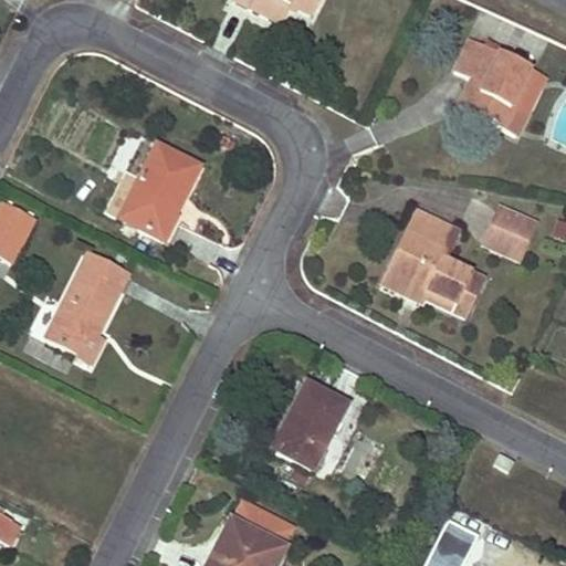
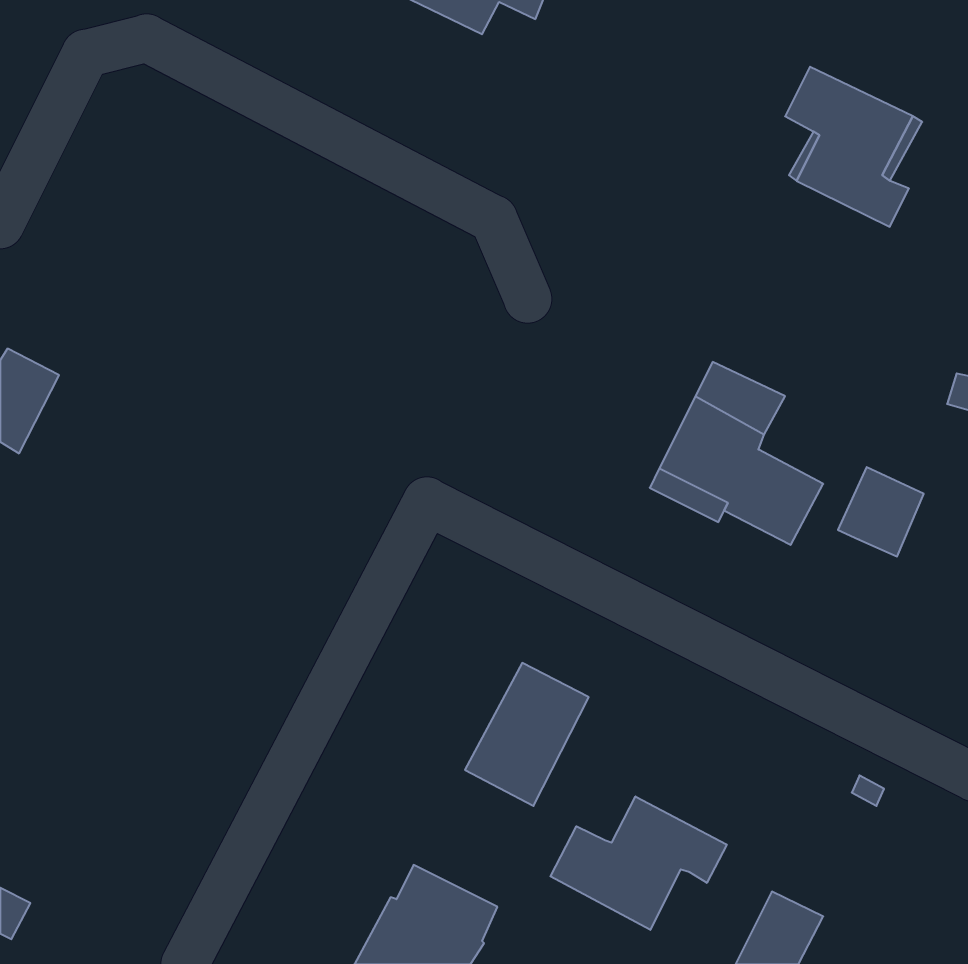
building: [120,145,199,240] -> none
building: [484,206,534,258] -> [838,467,924,557]
building: [45,251,129,361] -> none
building: none -> [550,796,727,930]

